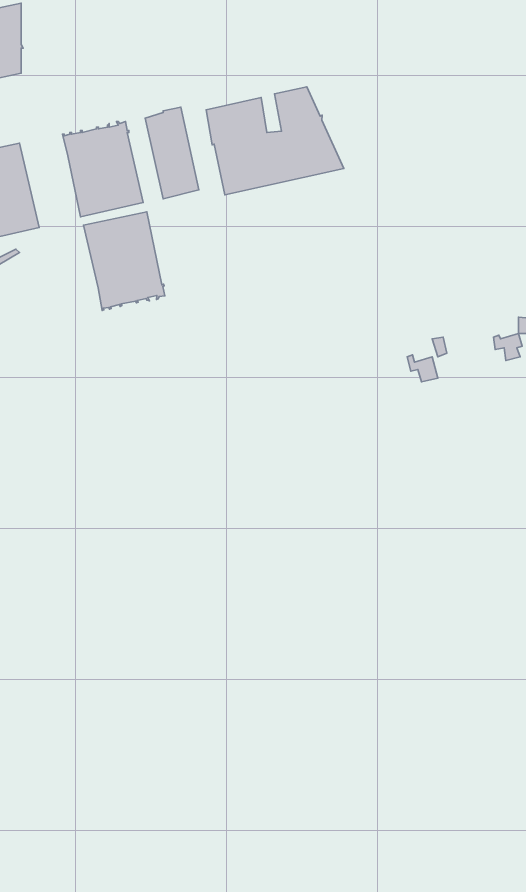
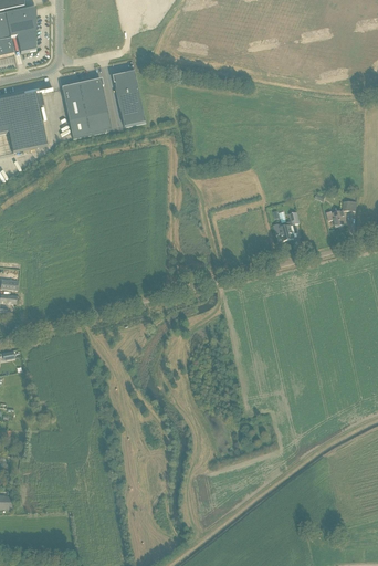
building: [206,87,344,195] -> none
building: [84,212,165,311] -> none

